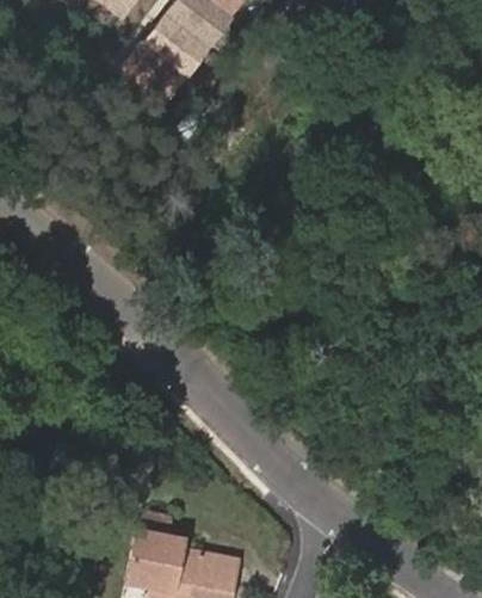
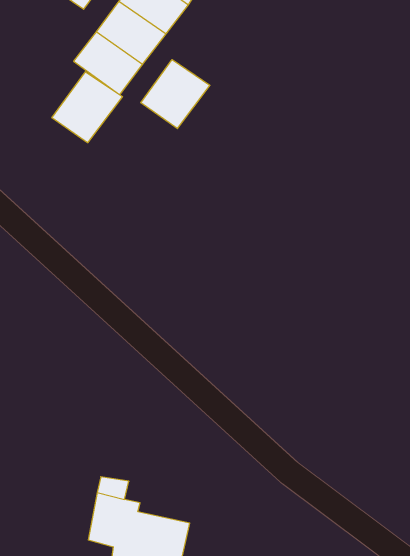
building: none -> [141,60,210,129]
building: none -> [52,72,122,143]

